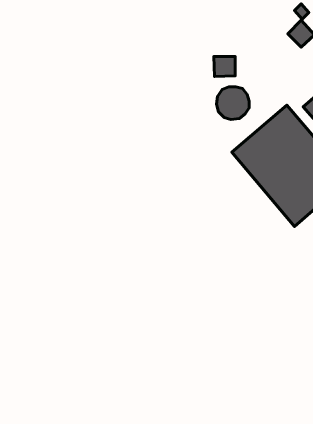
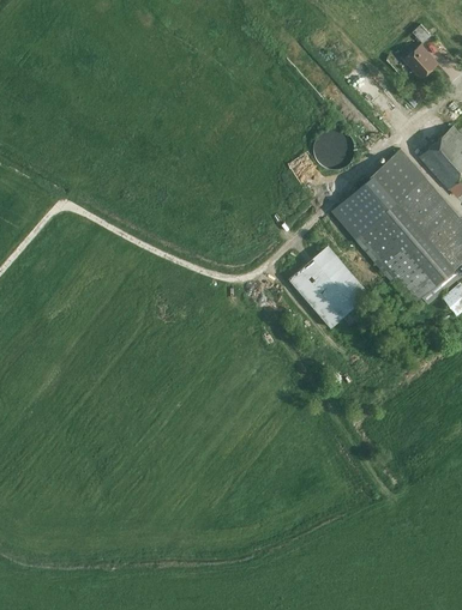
building: [214,56,235,77] -> none
building: none -> [287,246,371,331]

